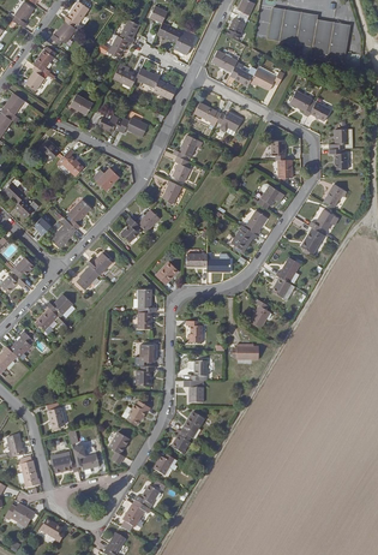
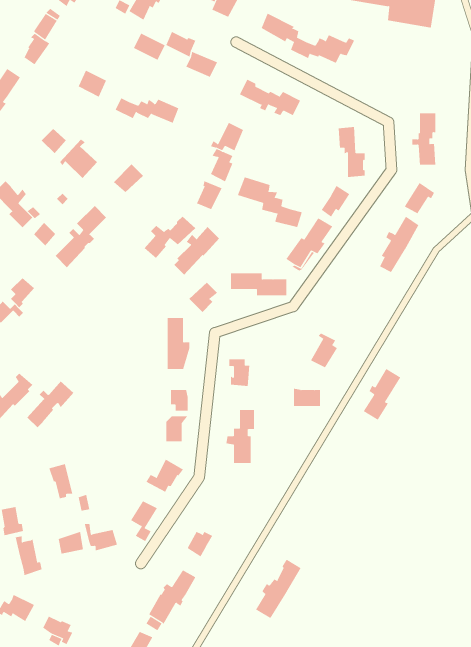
building: [289,89,331,120] -> none
building: none -> [237,176,303,228]
building: [77,251,113,290] -> [174,226,220,275]
building: [271,256,301,297] -> [363,368,401,421]
building: [36,293,73,330] -> [27,380,74,428]
building: [169,410,205,456] -> [255,559,301,619]

